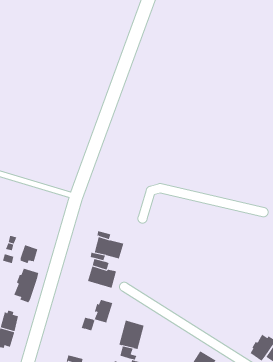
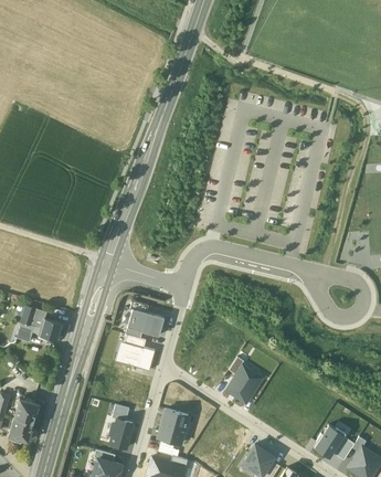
building: [14,268,39,303] -> none
building: none -> [224,364,256,404]
building: [94,299,113,323] -> [109,420,133,448]

